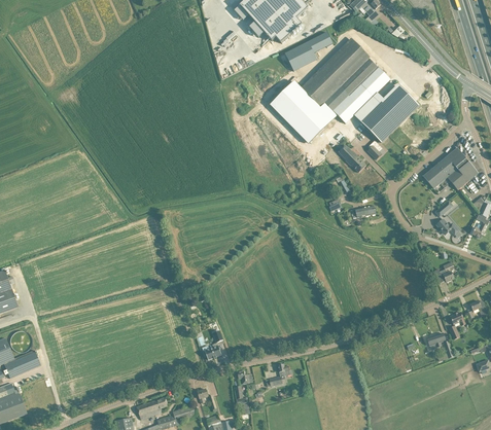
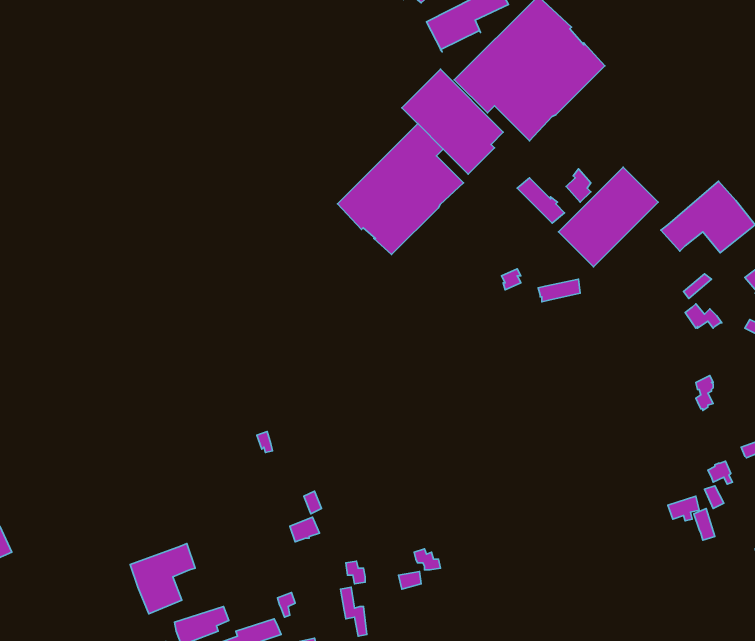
building: [360,84,419,143] -> [558,167,658,267]
building: none -> [338,124,463,255]
building: none -> [130,543,195,614]

